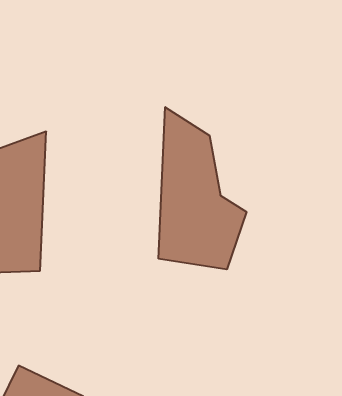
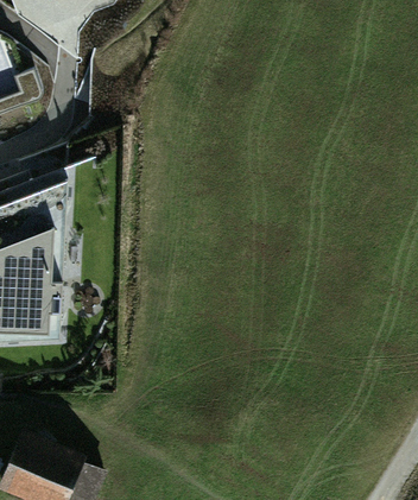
building: [159,107,246,269] -> none

